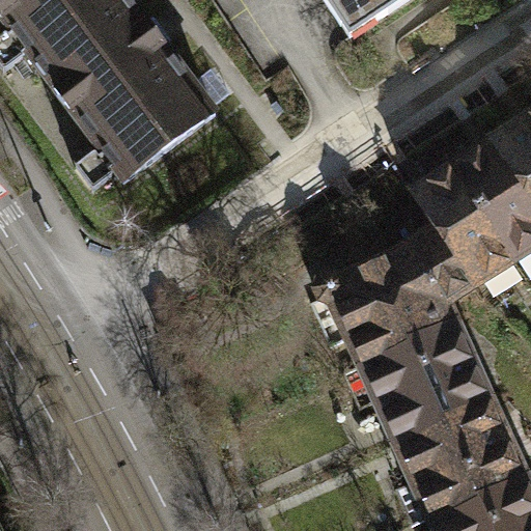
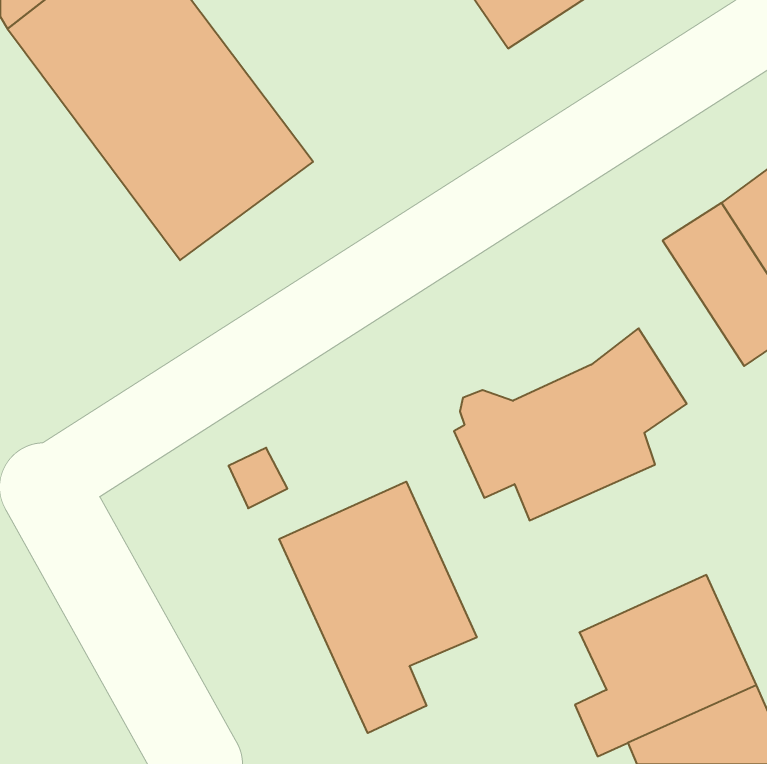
building: [419,165,514,277] -> none
building: [345,318,488,434] -> none
building: none -> [279,482,477,733]

